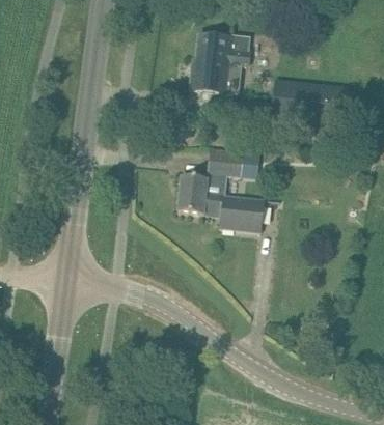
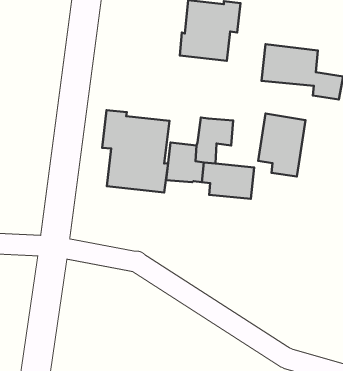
building: none -> [102,110,170,192]
building: none -> [258,114,306,177]

